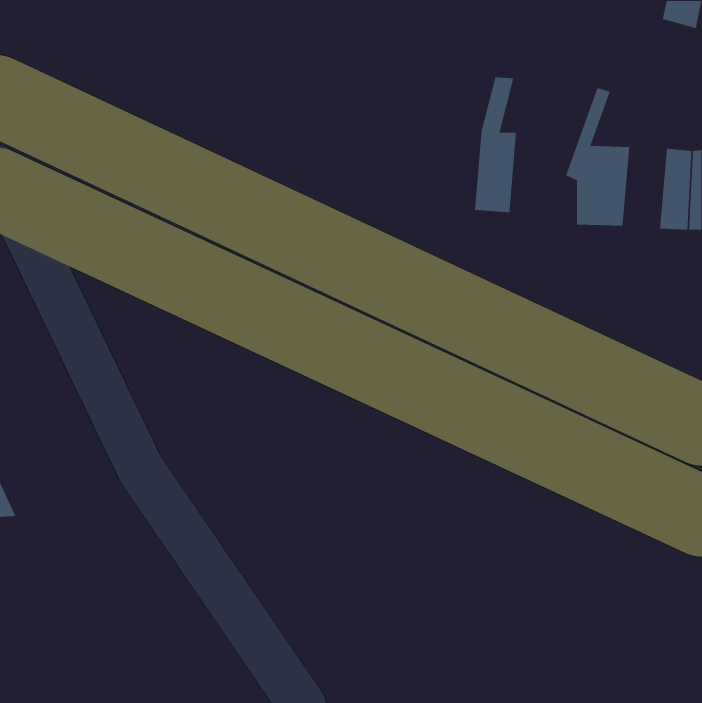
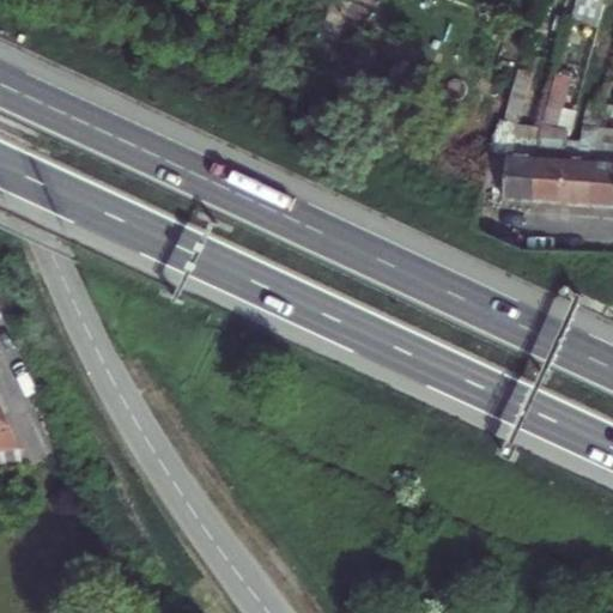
building: [474,77,517,213] -> [540,83,577,201]

